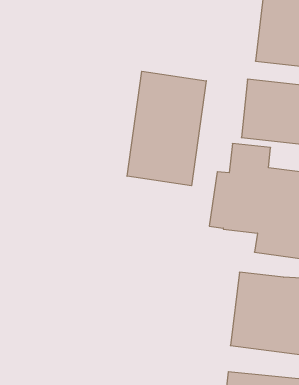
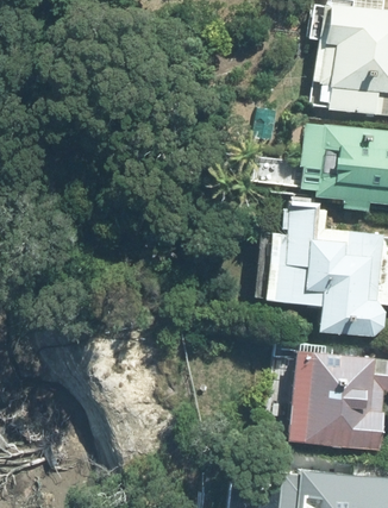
building: [127,71,206,186] -> none

